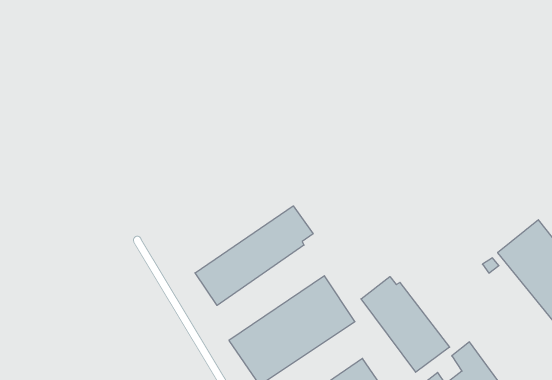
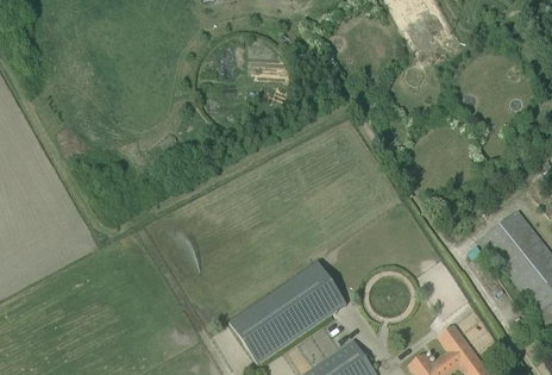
building: [195,206,313,305] -> none
building: [361,277,450,372] -> none

